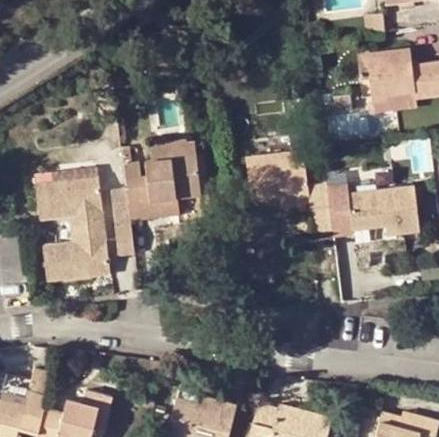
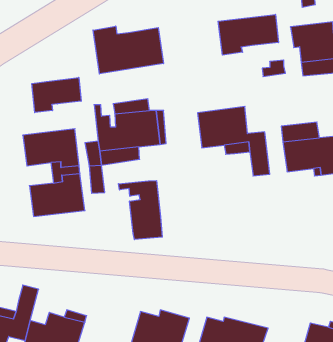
building: none -> [218,14,278,55]
building: none -> [93,26,163,74]
building: none -> [32,77,81,113]
building: none -> [118,181,162,240]

